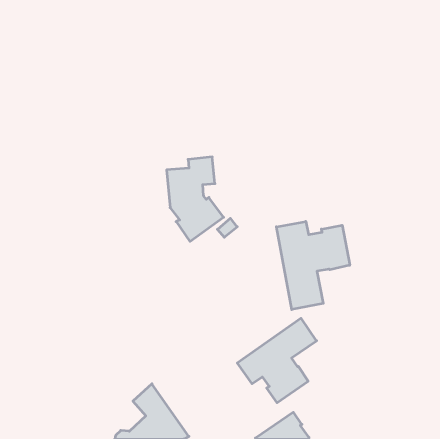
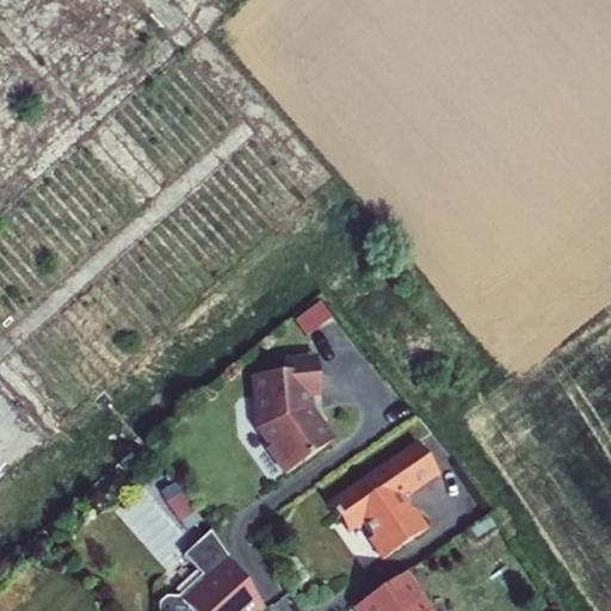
building: [167,157,224,241] -> [254,356,333,473]
building: [276,221,350,310] -> none

